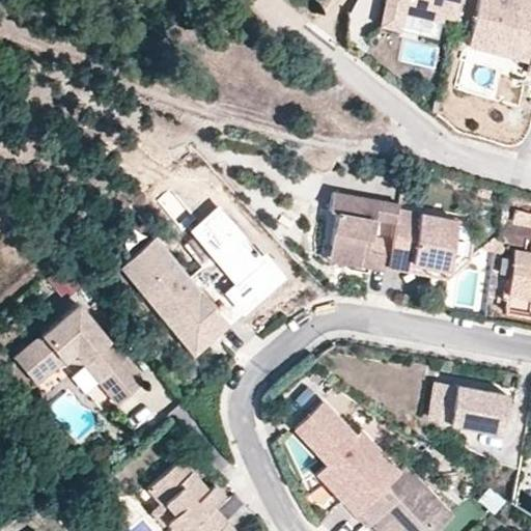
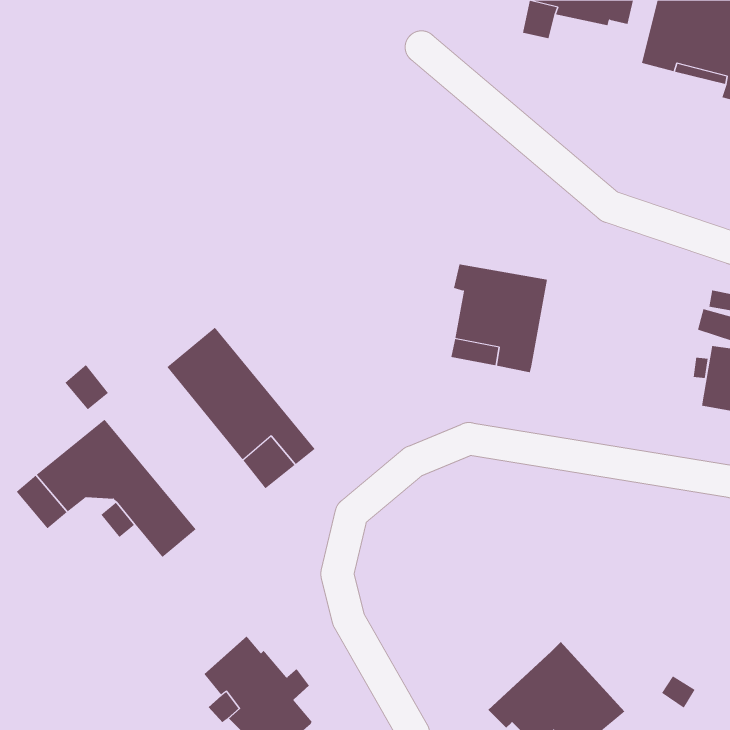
building: [190,206,285,313] -> none
building: [387,209,457,271] -> none
building: [426,382,507,432] -> none
building: [295,402,400,515] -> none

